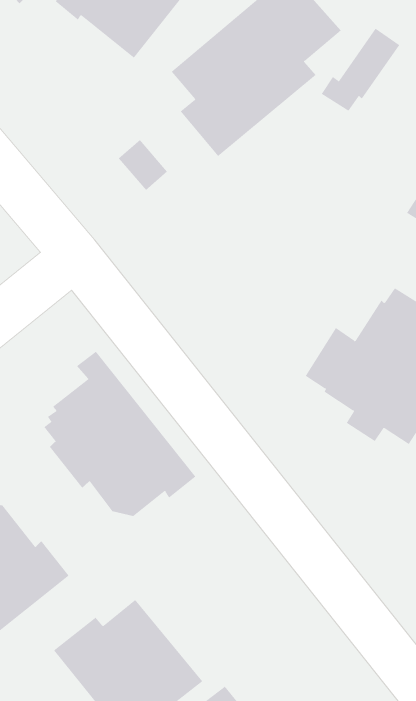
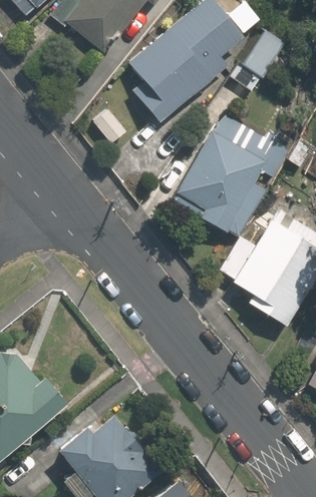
building: none -> [172,113,290,236]
building: [44,351,196,517] -> none

